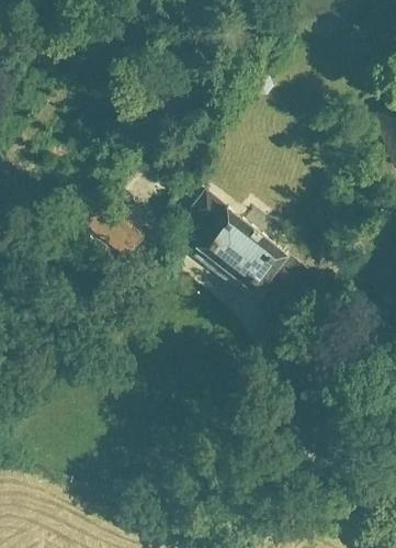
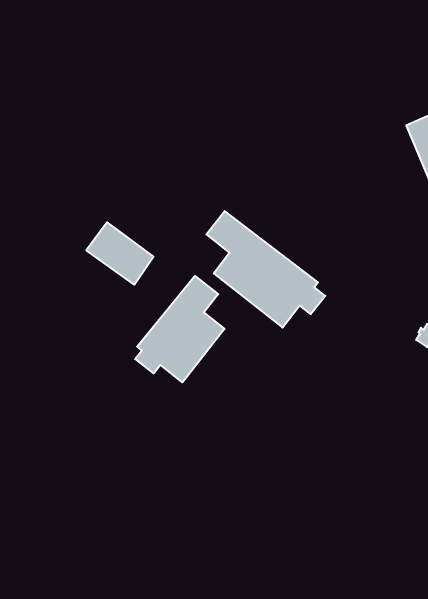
building: none -> [135,276,225,382]

